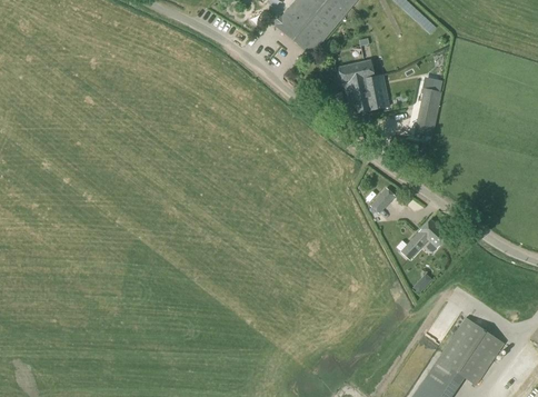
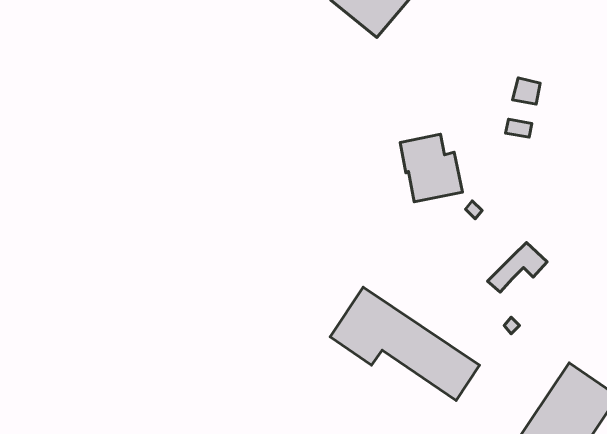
building: [338,59,388,113] -> [400,134,463,202]
building: none -> [330,287,480,401]

